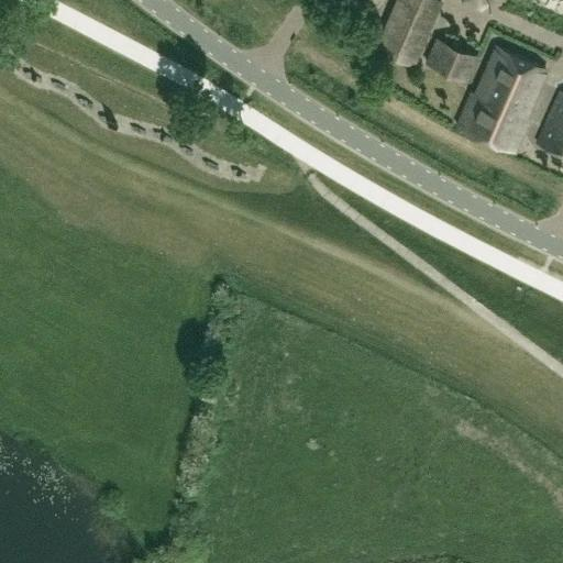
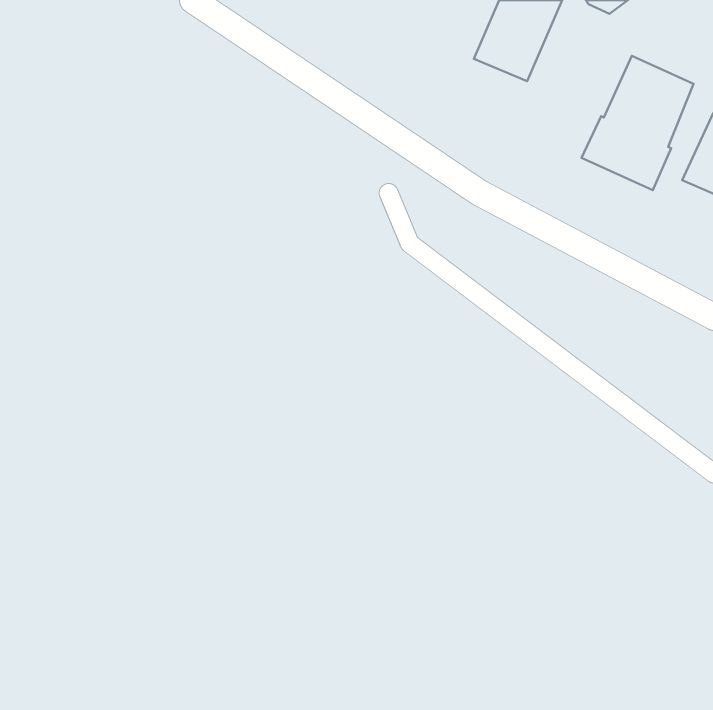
building: [428,40,477,81] -> none

